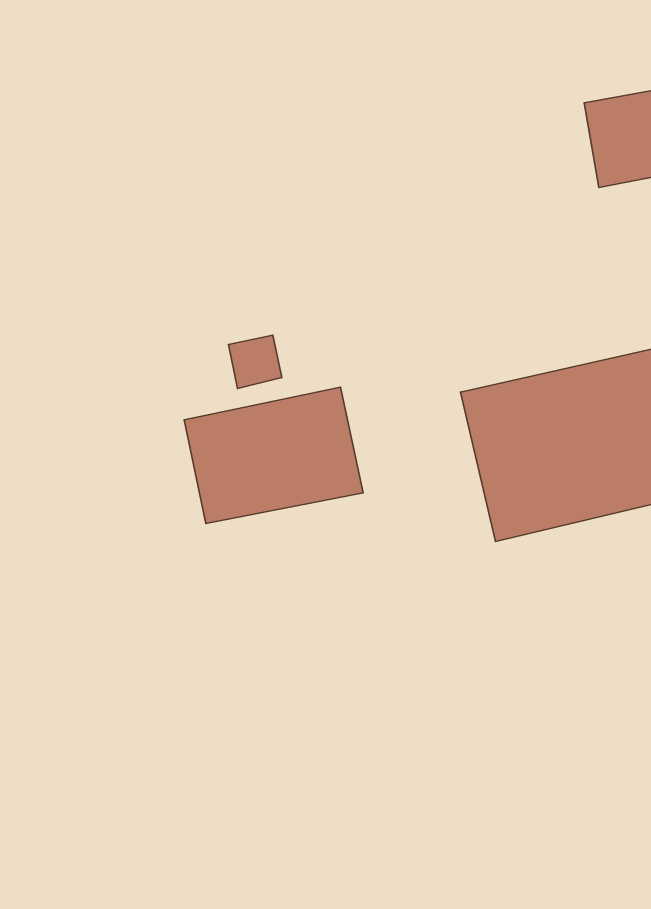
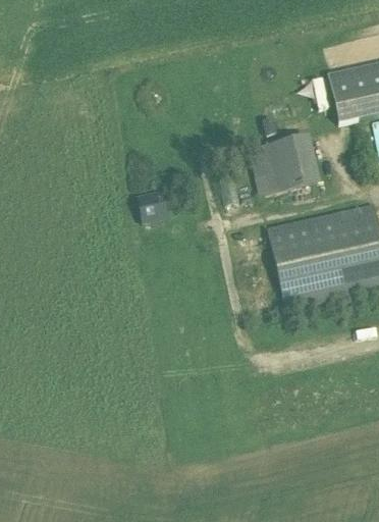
building: none -> [248,136,320,198]
building: [184,387,363,523] -> none

